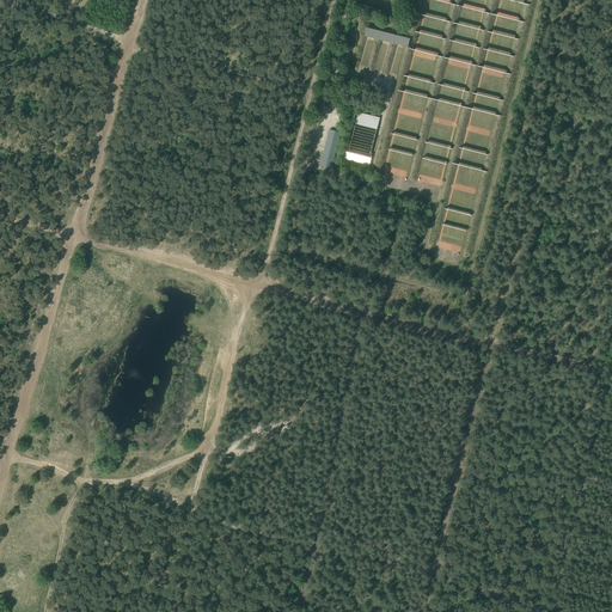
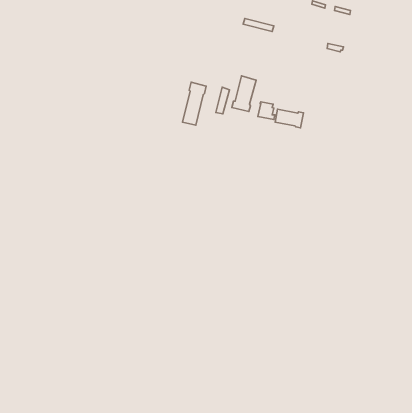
building: none -> [182,82,206,125]
building: none -> [275,109,304,128]

